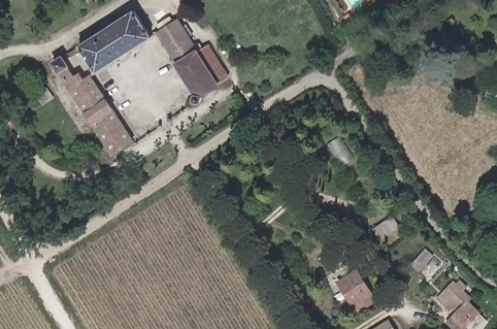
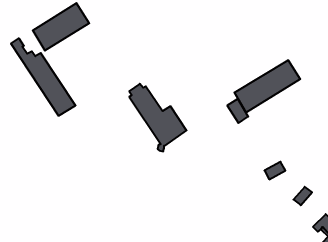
building: [156,18,229,104] -> [129,84,187,151]
building: none -> [234,60,300,112]
building: [336,268,367,300] -> none

